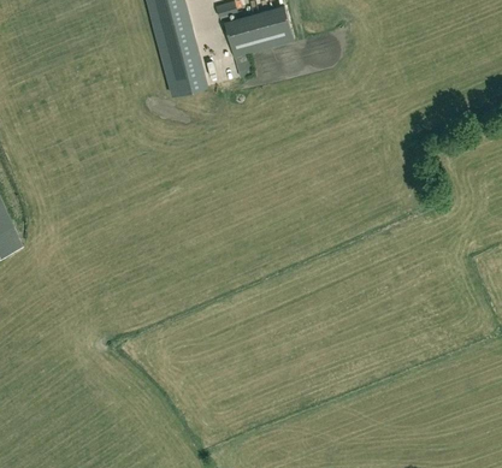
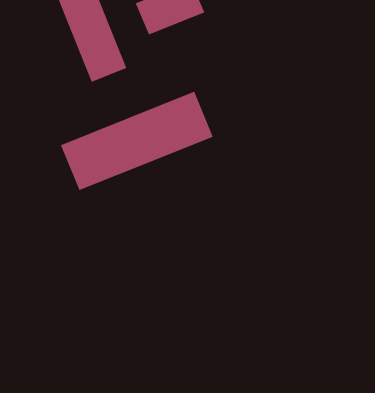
building: none -> [60,91,213,191]

